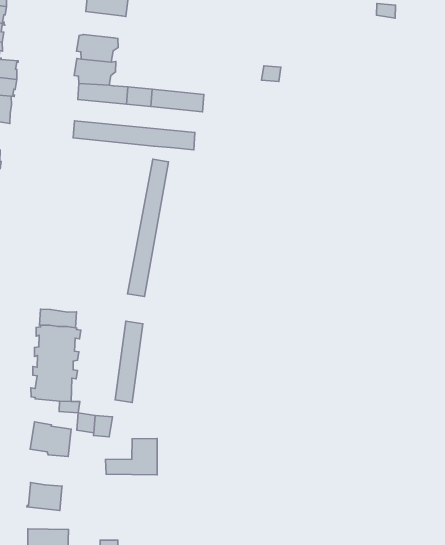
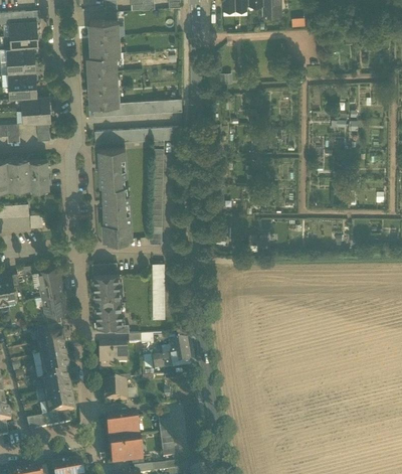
building: none -> [87,54,116,71]
building: none -> [98,149,132,241]

